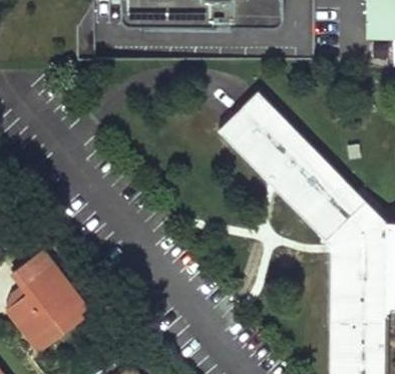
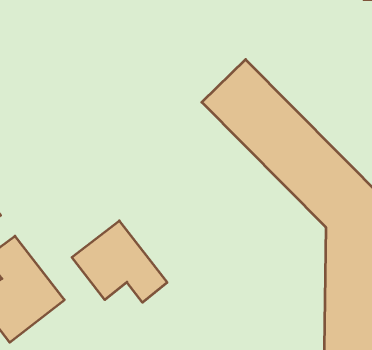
building: none -> [72,221,167,302]

